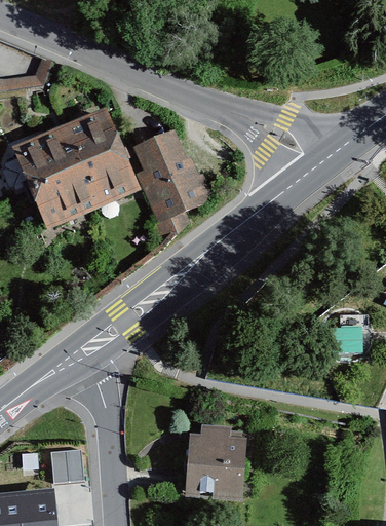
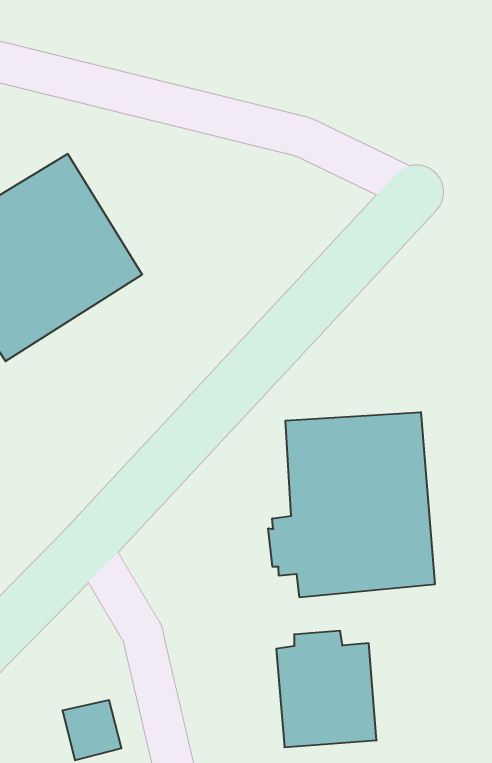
building: [125,128,211,233] -> none
building: none -> [268,412,435,597]

